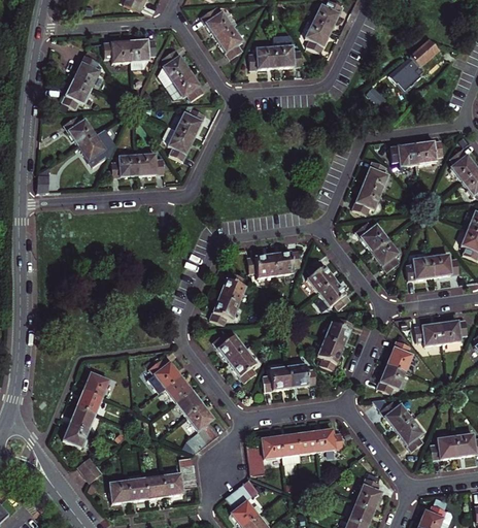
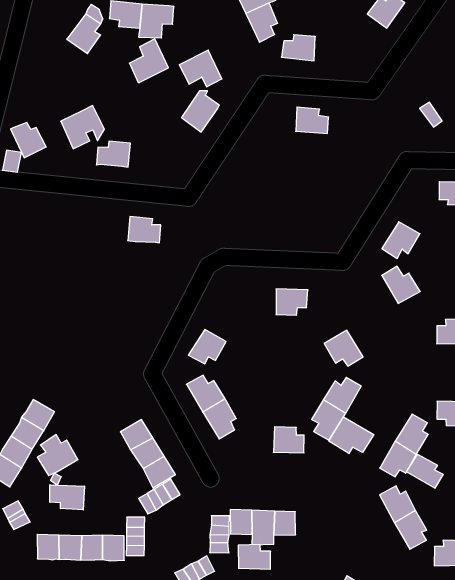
building: [304,22,330,54] -> none
building: [273,45,301,66] -> [296,107,329,133]
building: [157,48,189,86] -> [129,39,168,83]
building: [63,78,92,108] -> none
building: [64,117,95,145] -> [11,122,46,158]
building: [168,128,193,160] -> none
building: [137,154,164,174] -> [128,217,161,243]
building: [363,162,387,193] -> none
building: [372,239,401,272] -> none
building: [246,255,275,277] -> none
building: [306,260,334,293] -> none
building: [219,271,245,303] -> none
building: none -> [329,417,374,454]
building: [146,359,179,393] -> [37,435,78,476]
building: [263,366,289,391] -> none
building: none -> [407,454,443,488]
building: [314,429,343,451] -> [238,545,271,569]
building: none -> [50,485,84,510]

